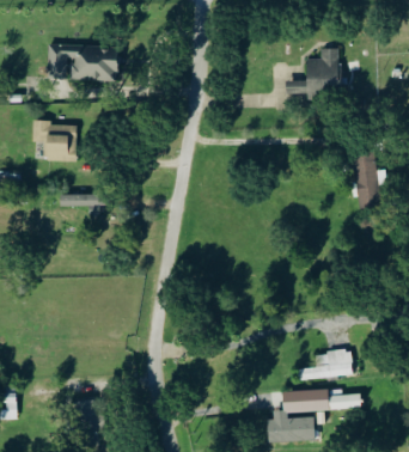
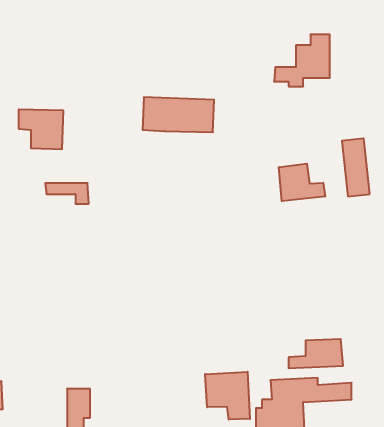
building: [47,45,117,80] -> [143,97,214,132]
building: none -> [279,164,325,201]
building: none -> [205,372,250,420]

